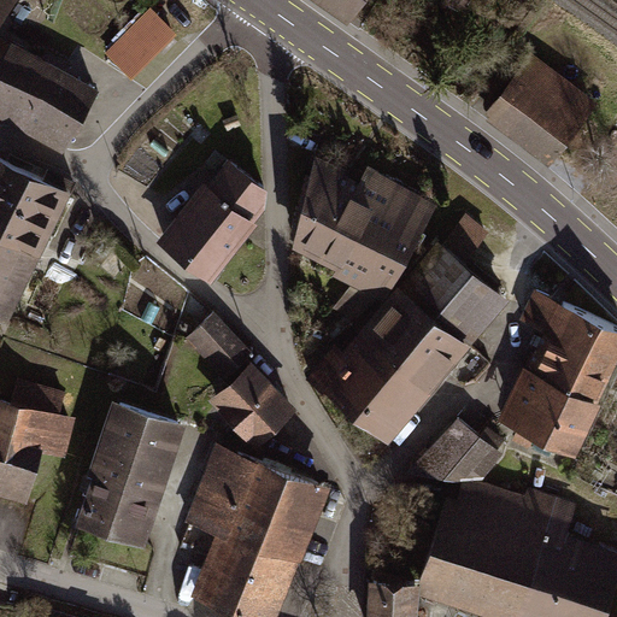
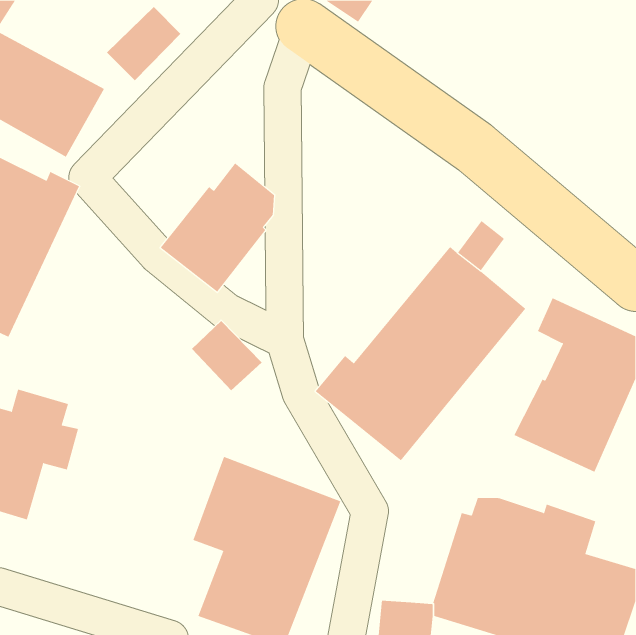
building: [482,53,598,170] -> none
building: [290,157,435,302] -> none
building: [210,362,299,451] -> none
building: [76,399,188,550] -> none
building: [405,419,504,483] -> none

